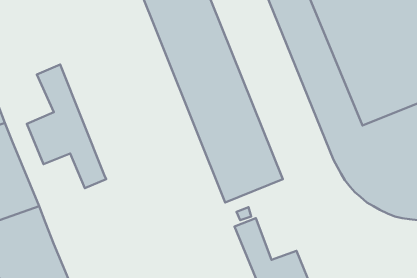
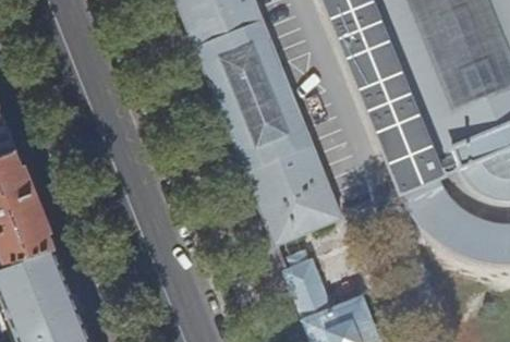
building: [27,65,106,188] -> none

